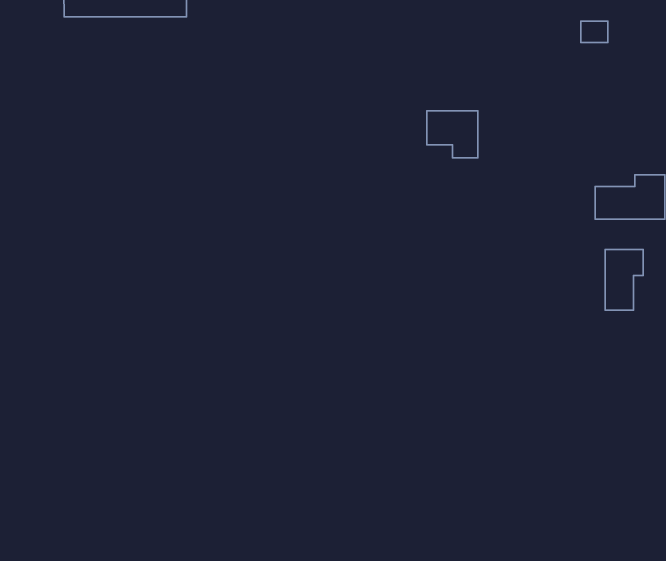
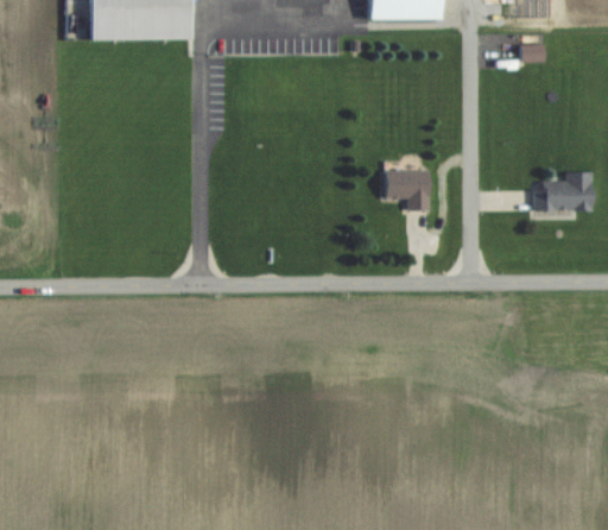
building: [427,111,478,158] -> [386,168,429,207]
building: [605,250,643,310] -> none

